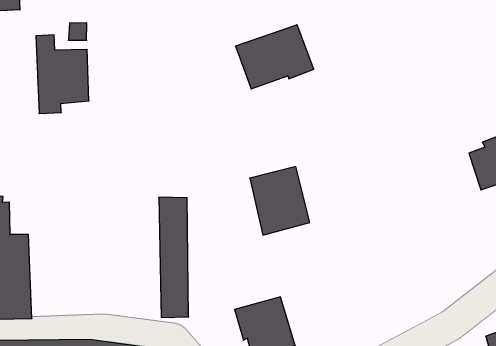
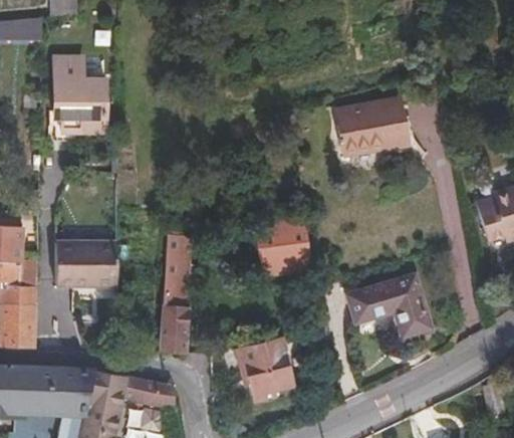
building: [236,25,314,89] -> [335,104,412,166]
building: none -> [60,243,120,285]
building: none -> [349,279,427,339]

